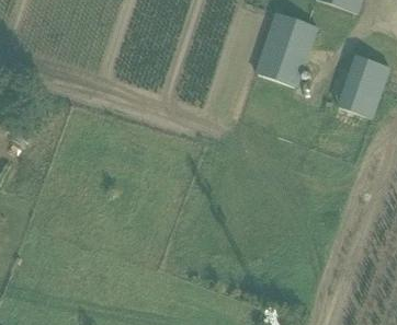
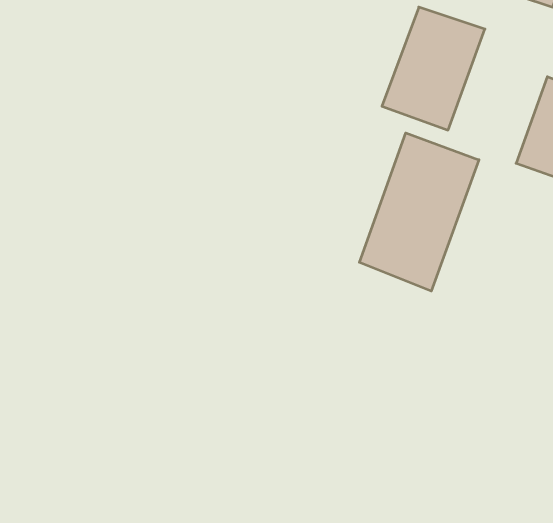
building: none -> [359,133,479,291]

